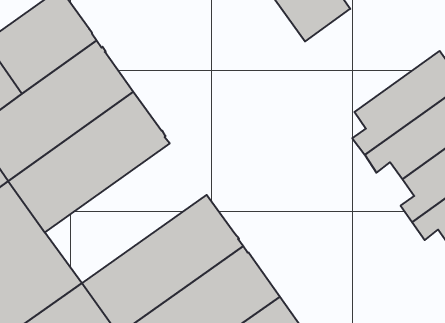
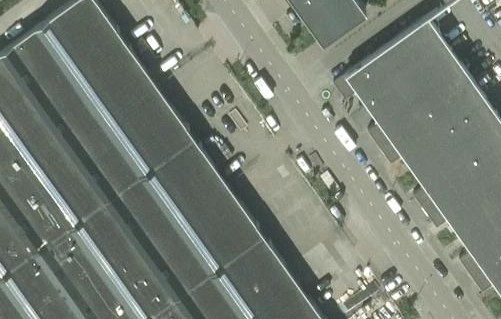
building: none -> [332,19,450,110]
building: none -> [74,140,228,273]

